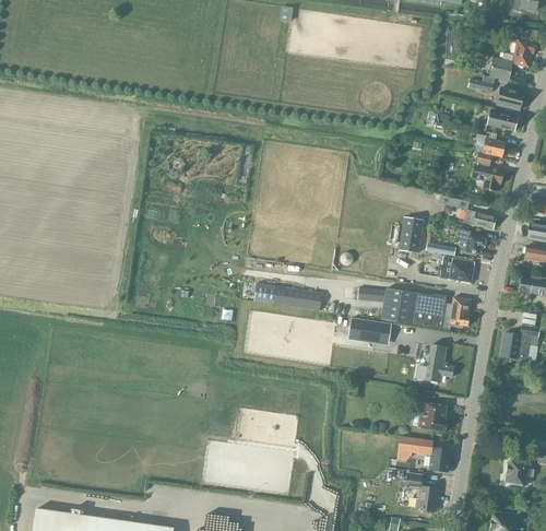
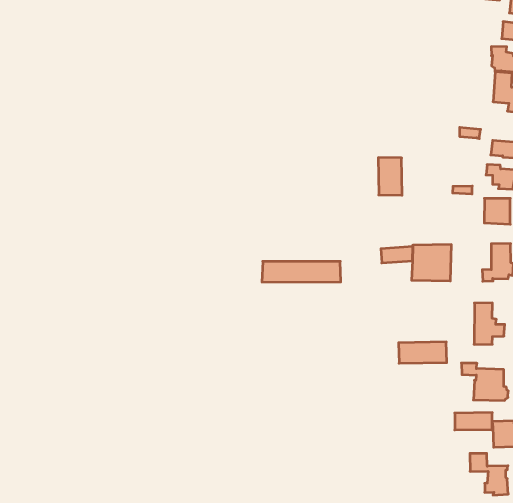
building: [399,217,423,252] -> [378,158,402,195]
building: [413,293,446,328] -> none
building: [348,318,391,341] -> [399,342,447,363]

